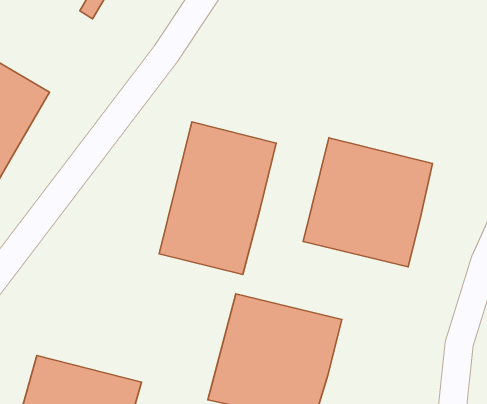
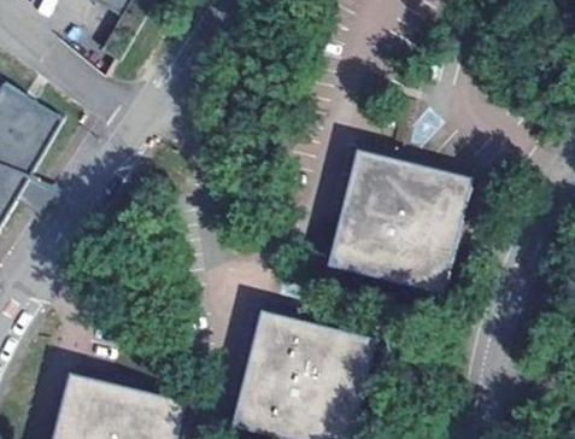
building: [159,122,276,275] -> none

